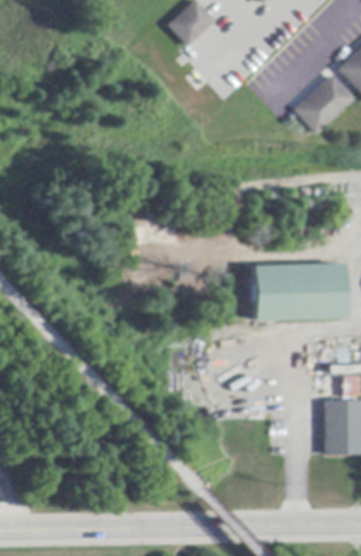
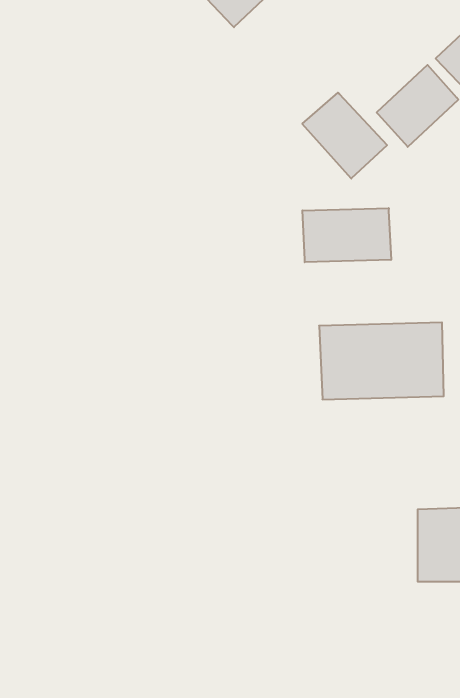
building: none -> [302,93,387,179]
building: none -> [302,208,391,262]

